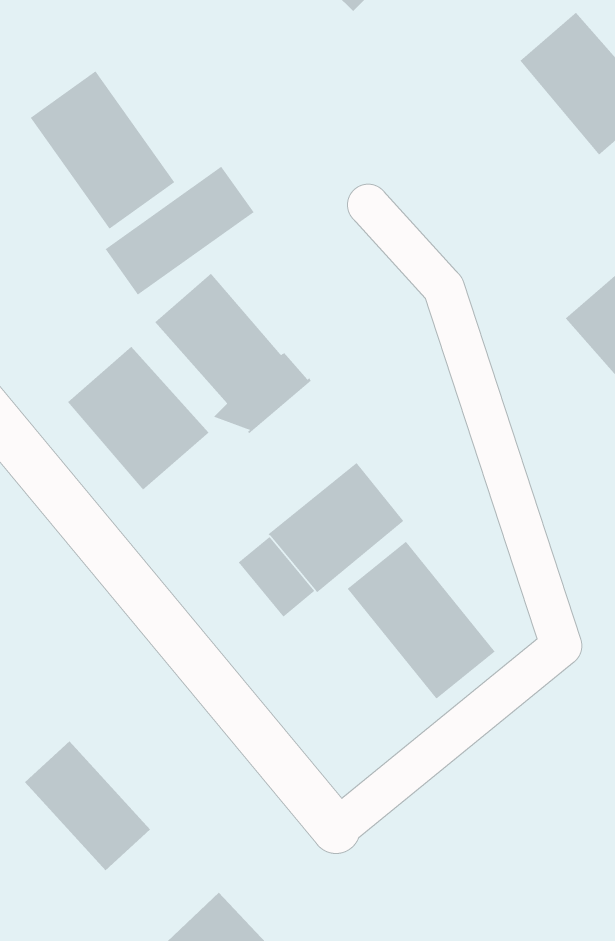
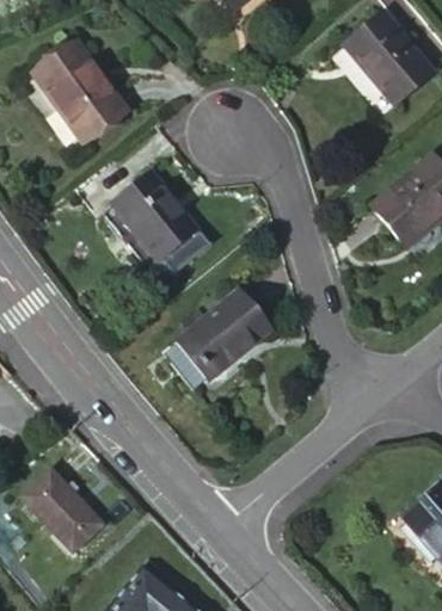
building: [105,166,254,296] -> none
building: [67,346,210,490] -> none
building: [347,541,495,700] -> none

